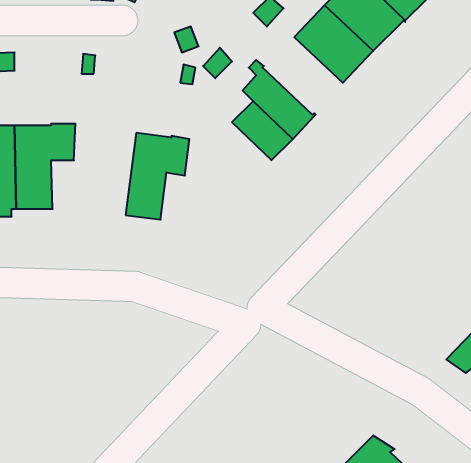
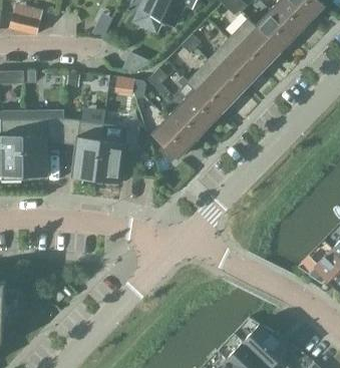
building: none -> [187,61,240,112]
building: none -> [151,117,193,159]
building: none -> [62,118,103,178]

